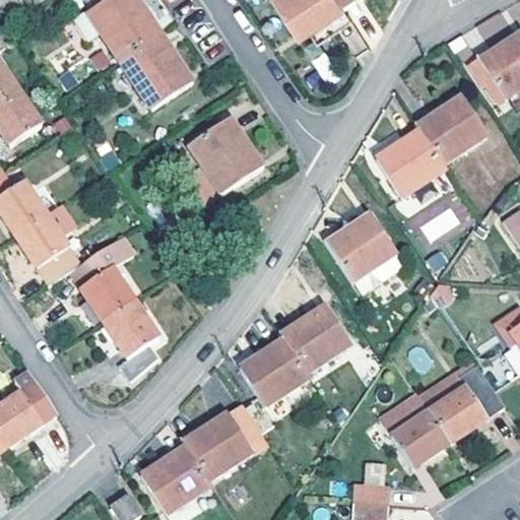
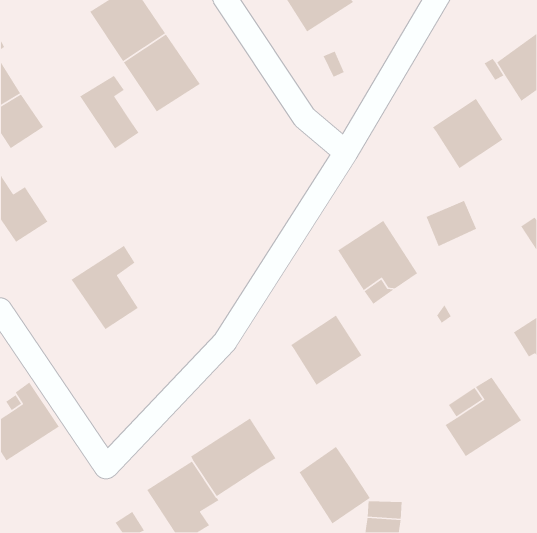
building: none -> [79,75,139,150]
building: [186,117,263,204] -> none
building: [375,127,447,197] -> none
building: [15,214,79,284] -> none
building: [102,298,158,379] -> none
building: [239,337,309,406] -> none
building: [380,391,450,467] -> [298,446,371,525]

